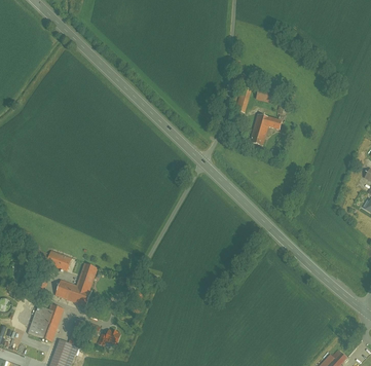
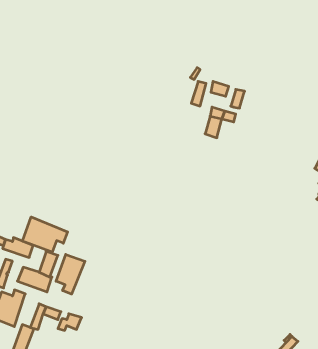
building: none -> [23,217,68,252]
building: none -> [56,254,85,294]

